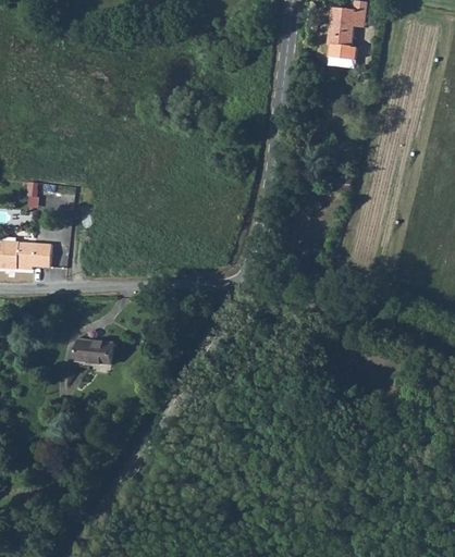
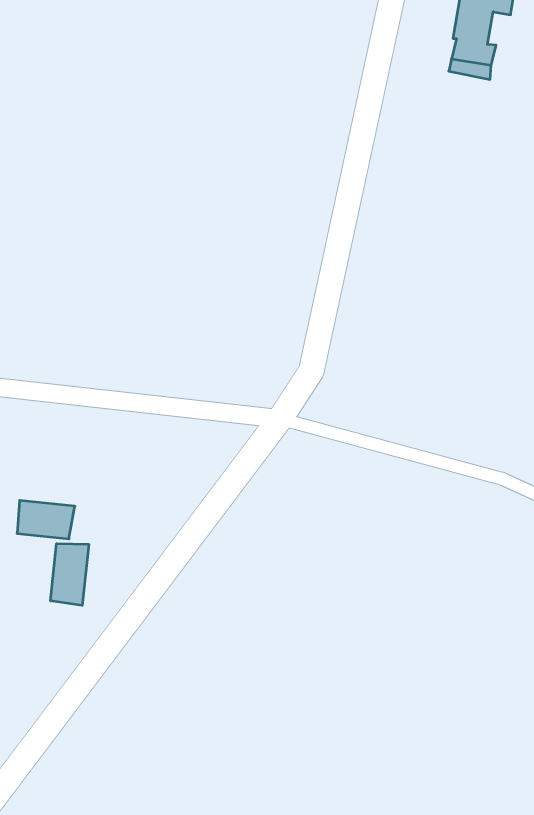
building: none -> [51,544,89,605]

